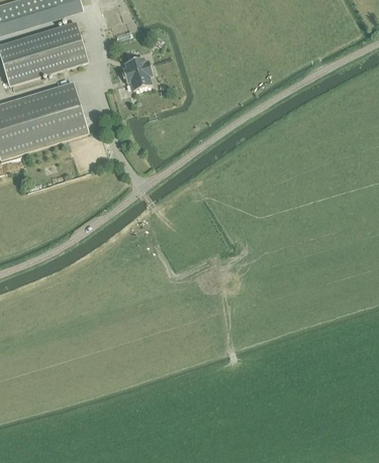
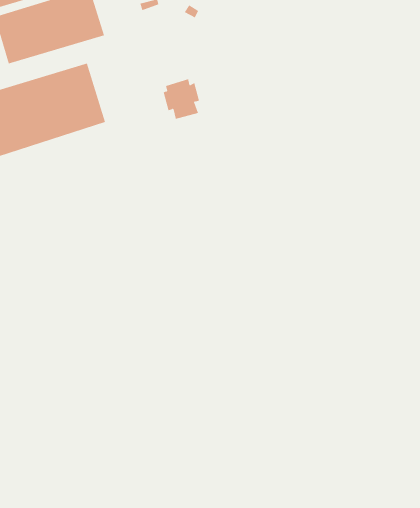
building: [121,55,152,89] -> [163,79,200,119]

